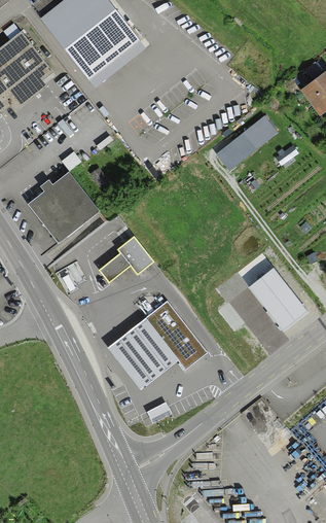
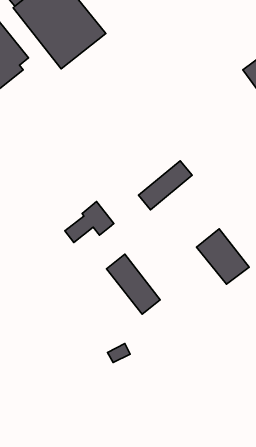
building: [213,113,274,169] -> [139,161,192,210]
building: [29,171,101,243] -> none
building: [105,312,176,383] -> none

